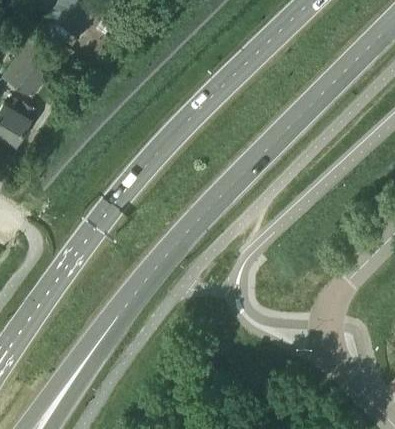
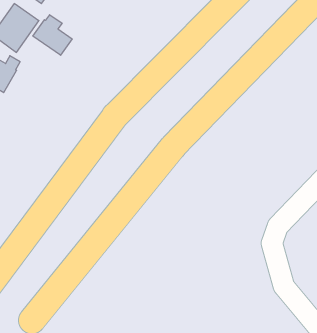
building: none -> [33,15,72,55]

